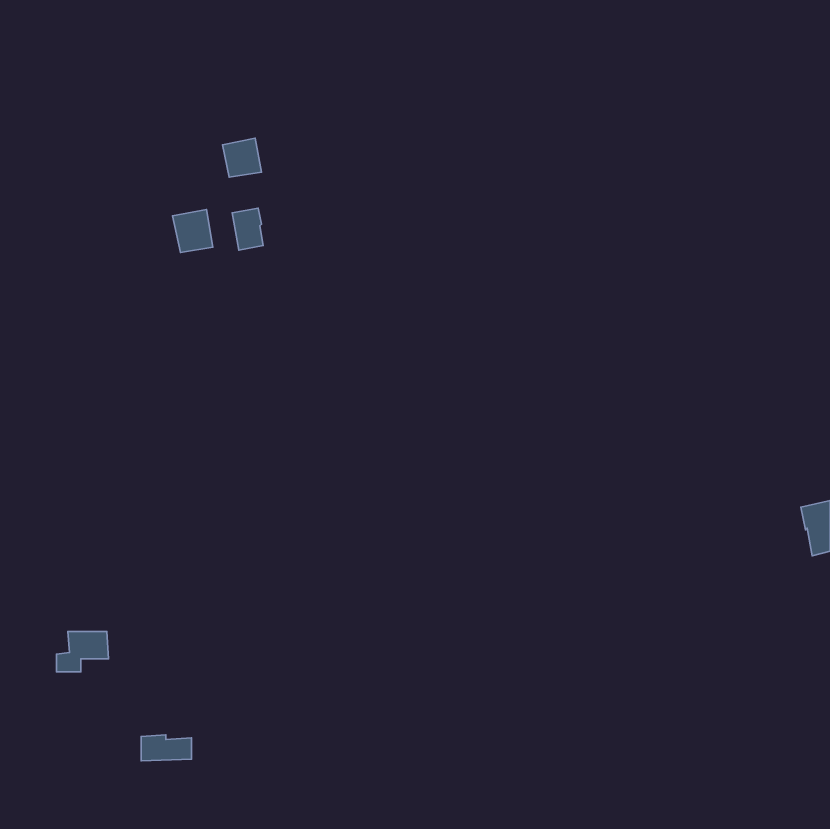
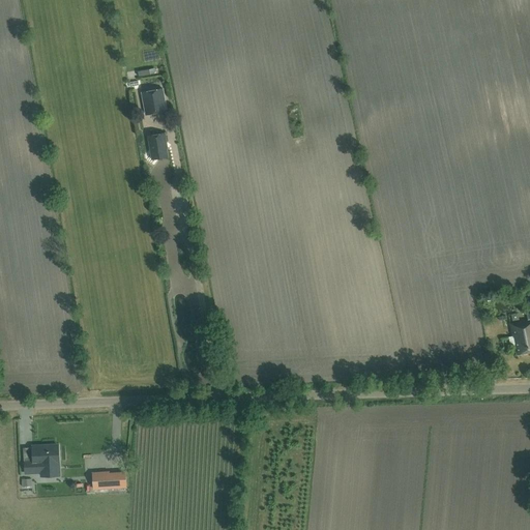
building: [172,210,213,253] -> none
building: [56,631,108,672] -> [26,446,59,472]

